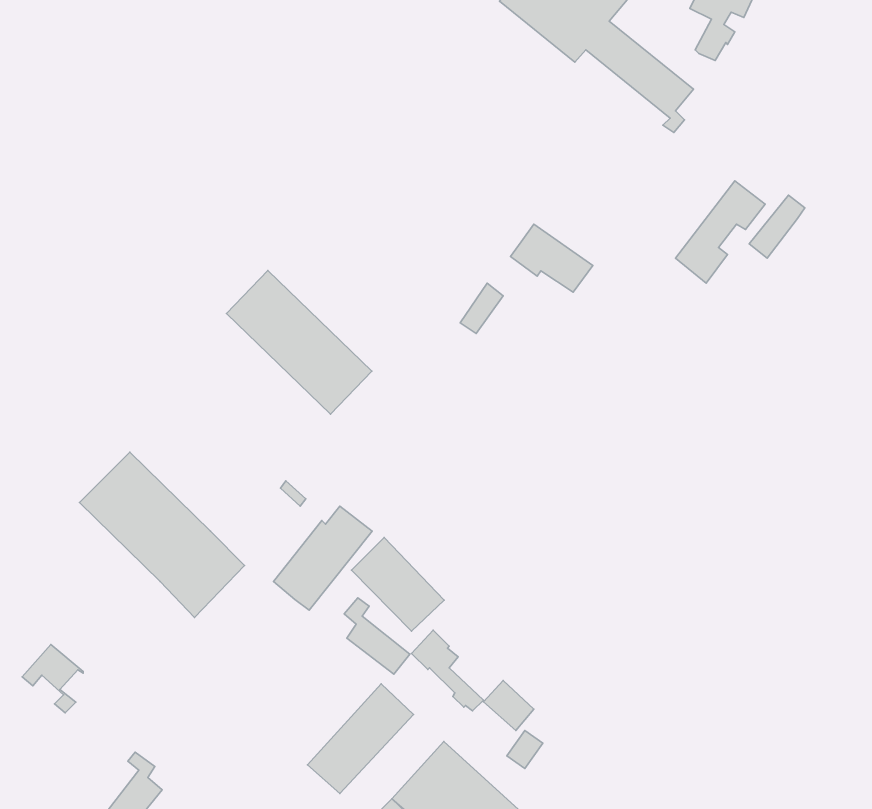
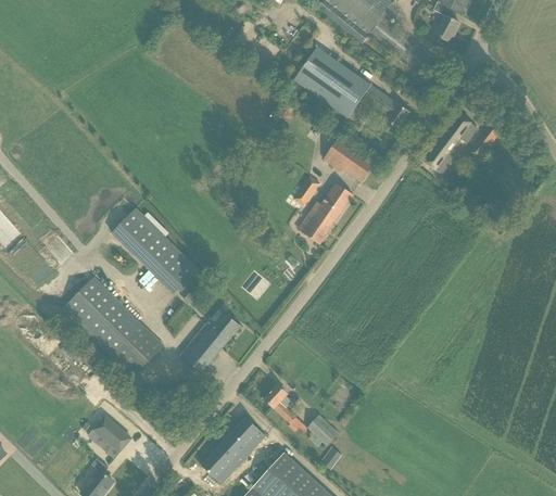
building: none -> [294,44,409,128]
building: [226,271,372,414] -> [111,207,199,294]
building: none -> [298,182,353,243]
building: [351,538,444,631] -> none
building: [344,598,410,674] -> none
building: [22,645,83,713] -> [81,410,118,452]

